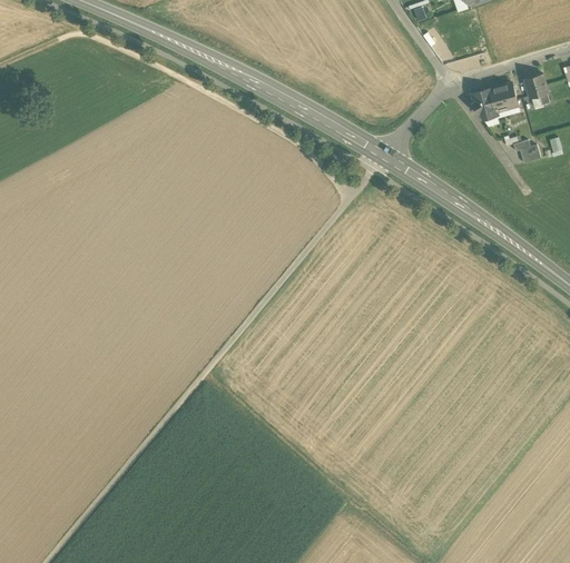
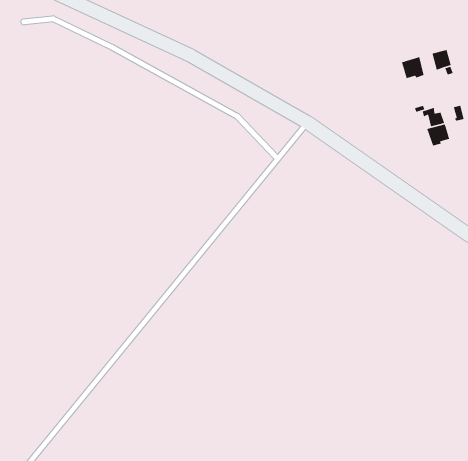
building: [471,91,498,118] -> none
building: none -> [426,123,450,146]

